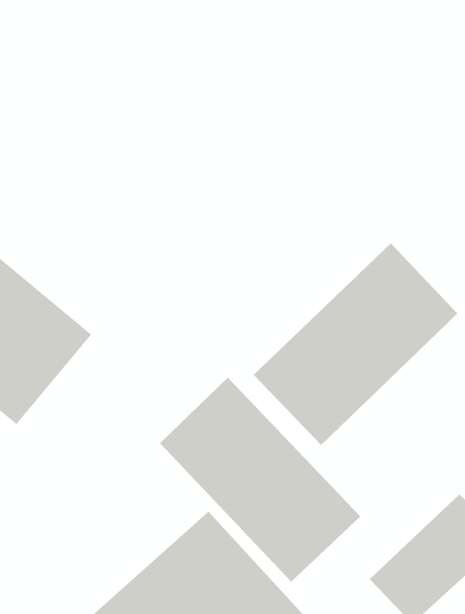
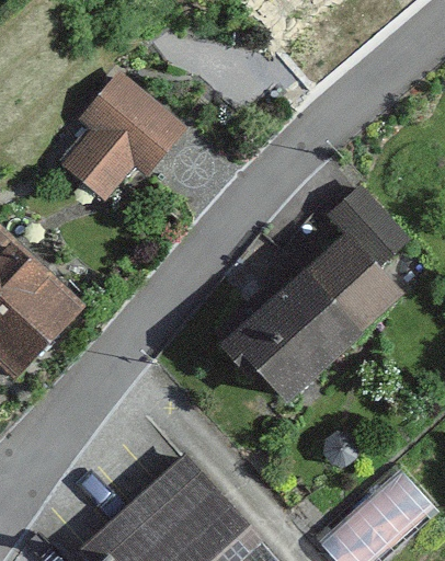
building: none -> [52,73,184,211]
building: [159,377,361,582] -> none

